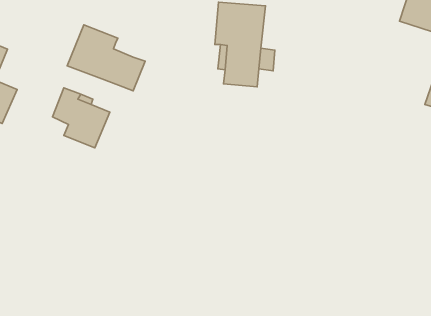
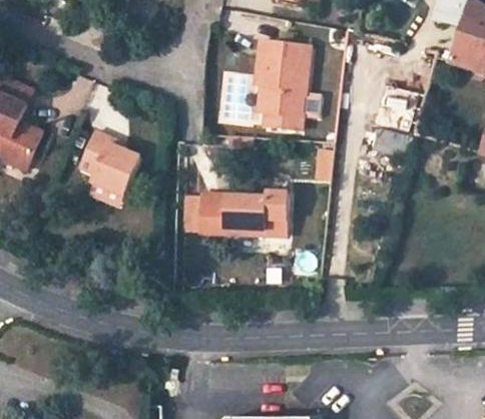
building: [67,25,145,91] -> none
building: none -> [197,193,288,239]

